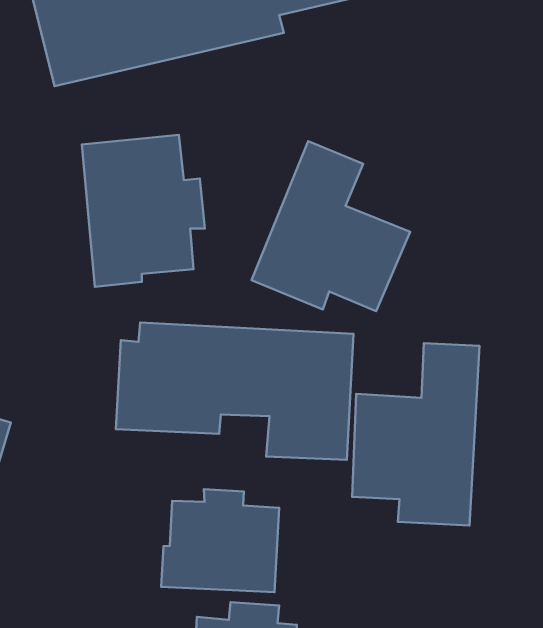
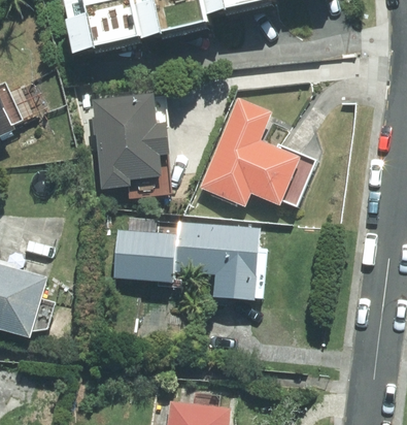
building: [352,343,479,525] -> none
building: [161,489,279,592] -> none

